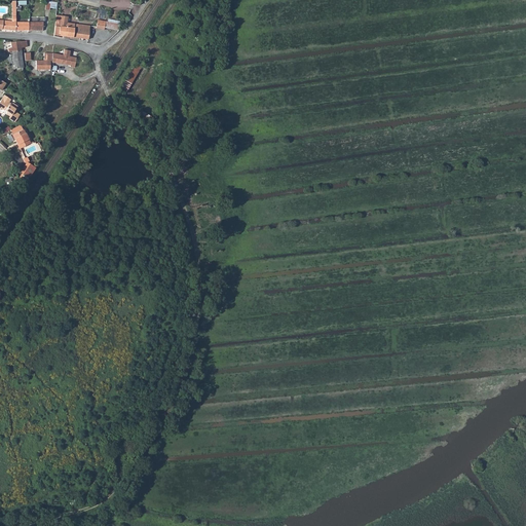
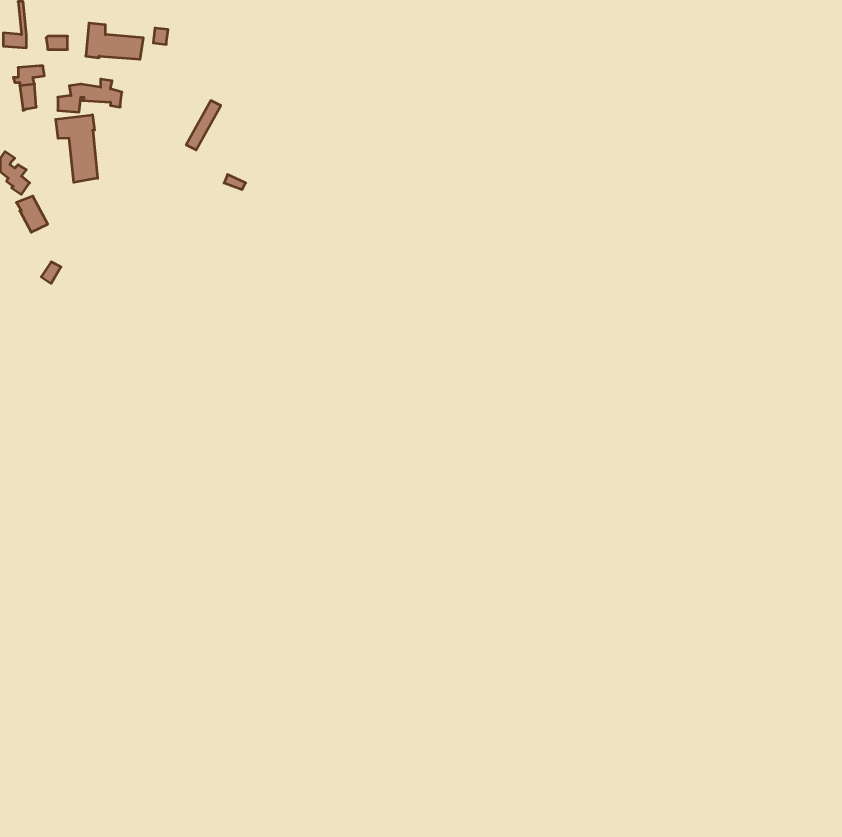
building: none -> [56,115,98,182]

